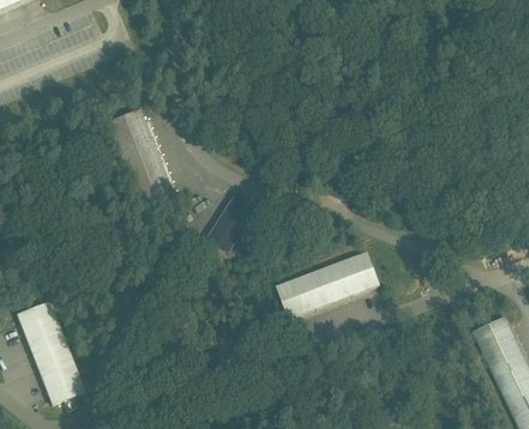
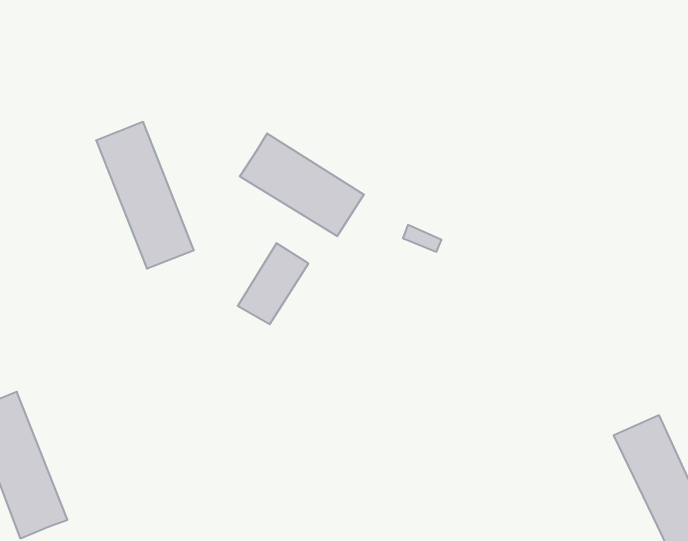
building: none -> [240,133,364,236]
building: [275,250,379,319] -> none

